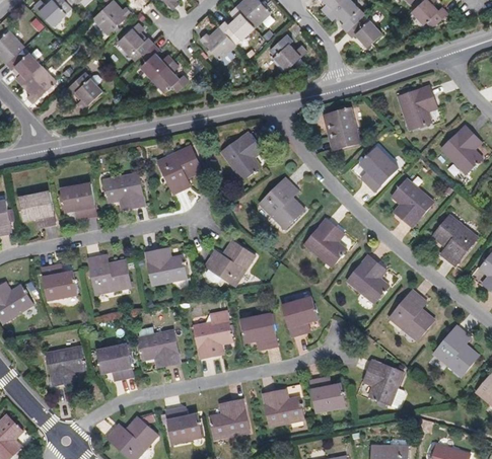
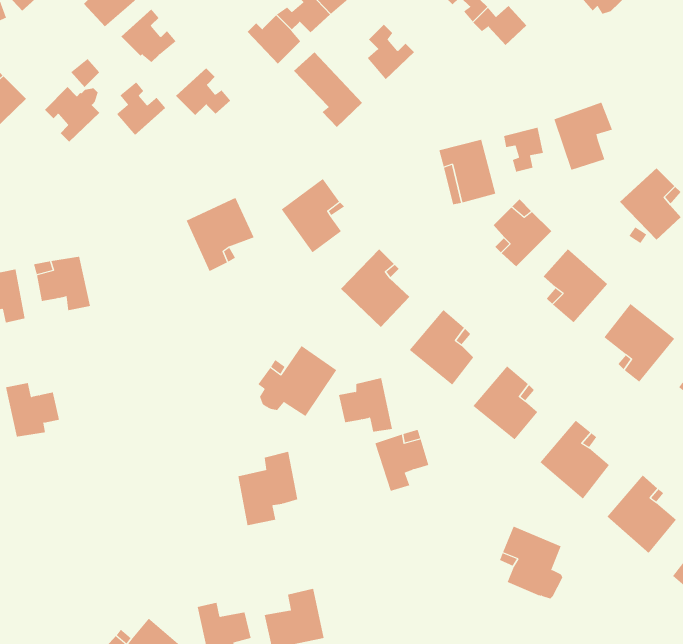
building: [140,44,172,79] -> [116,81,166,136]
building: none -> [293,52,363,128]
building: none -> [503,127,543,173]
building: [102,173,144,209] -> none
building: [146,249,188,286] -> none
building: [89,256,132,295] -> none
building: [242,313,278,349] -> [338,378,393,432]
building: [137,327,180,367] -> none
building: [97,343,133,379] -> none
building: [45,345,84,385] -> none
building: [309,378,346,412] -> none
building: [263,389,303,426] -> none

